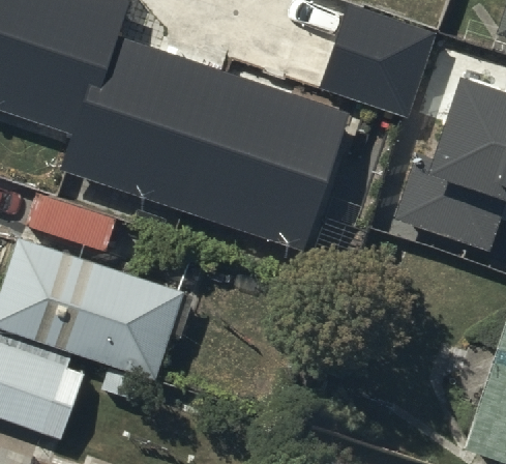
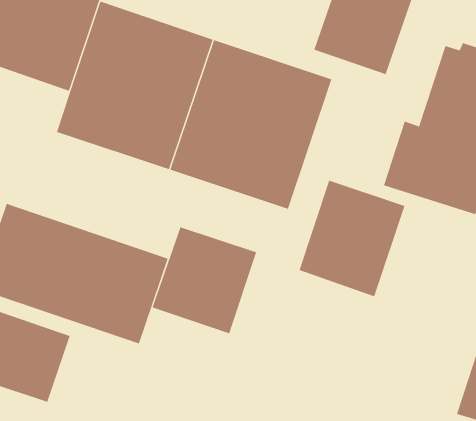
building: none -> [299,180,405,297]
building: none -> [152,226,257,334]

